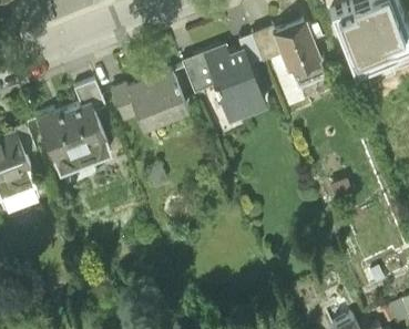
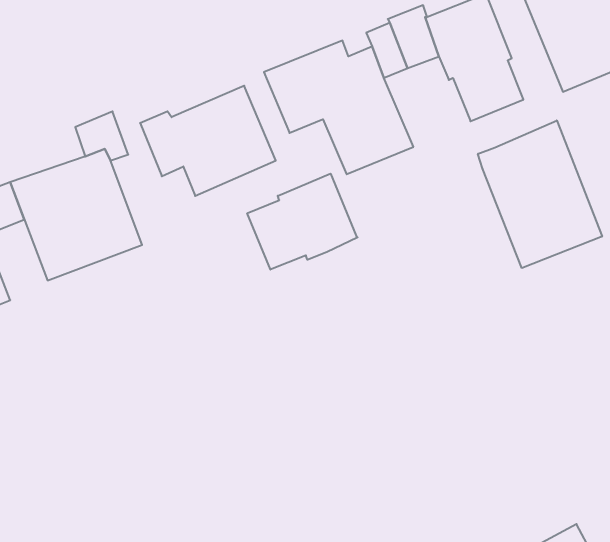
building: none -> [478,120,602,268]
building: none -> [247,174,358,270]

